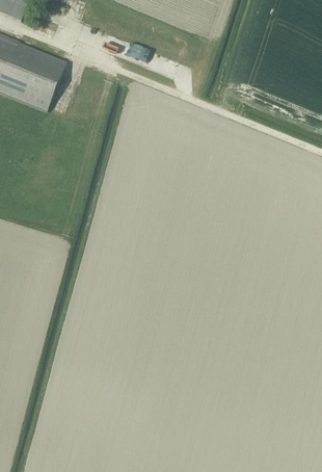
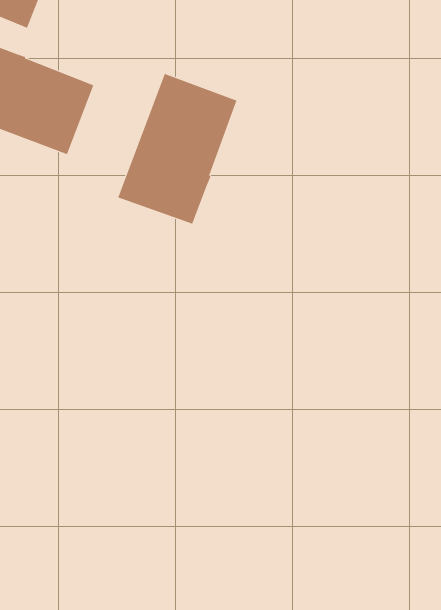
building: none -> [118,73,237,225]

